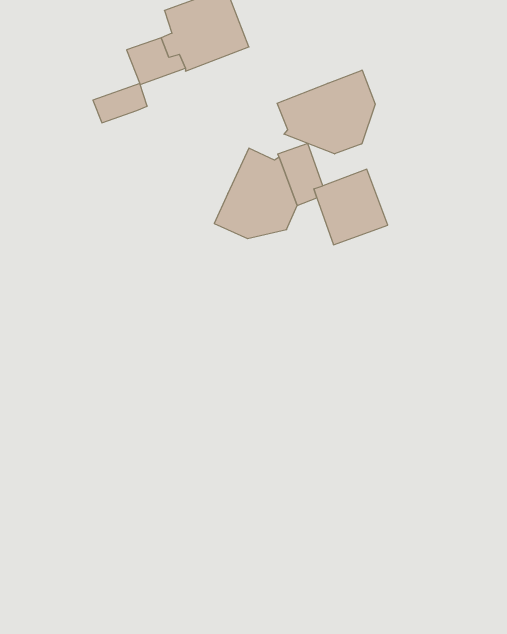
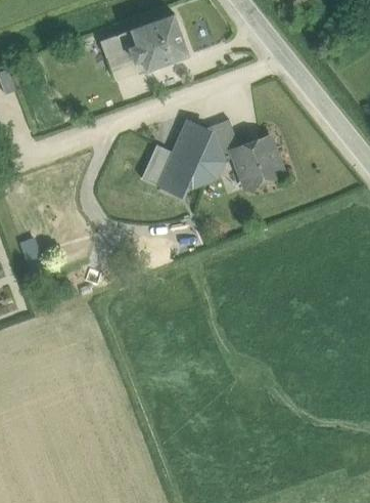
building: [277,70,375,154] -> none
building: [93,83,147,123] -> [100,30,137,56]
building: none -> [142,145,175,187]

